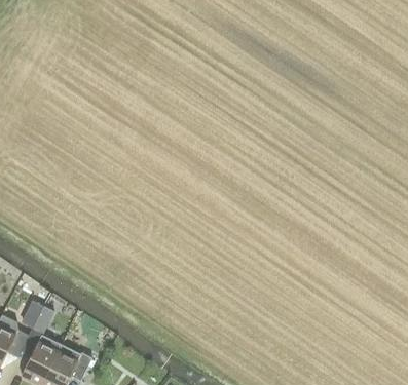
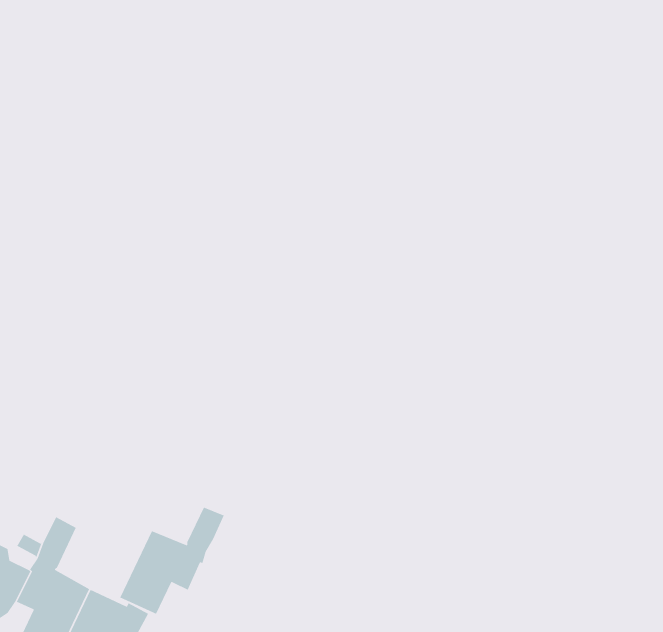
building: none -> [119,506,225,615]

